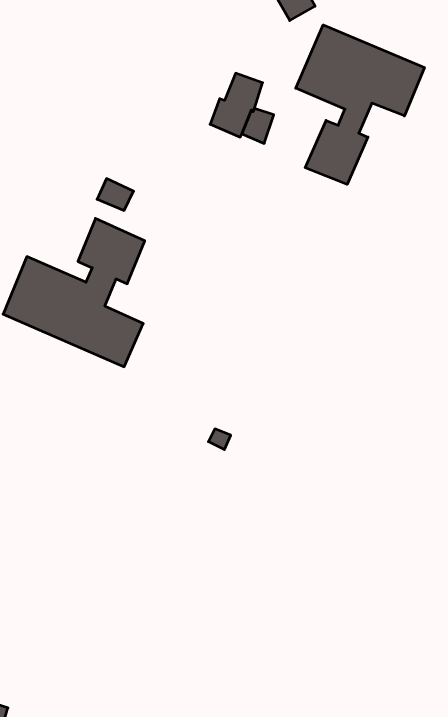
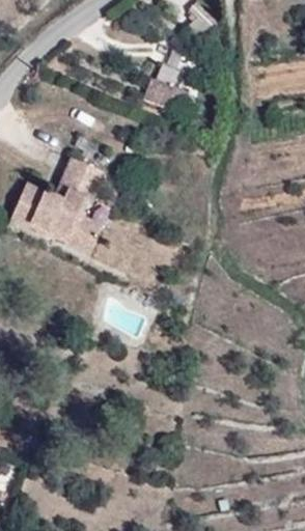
building: [296,25,424,184] -> none

